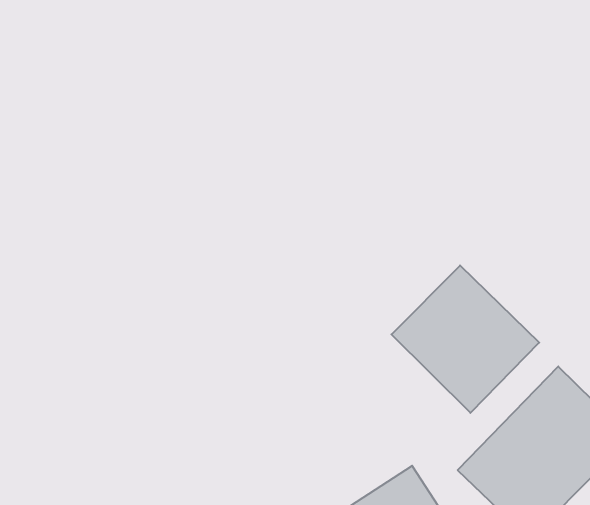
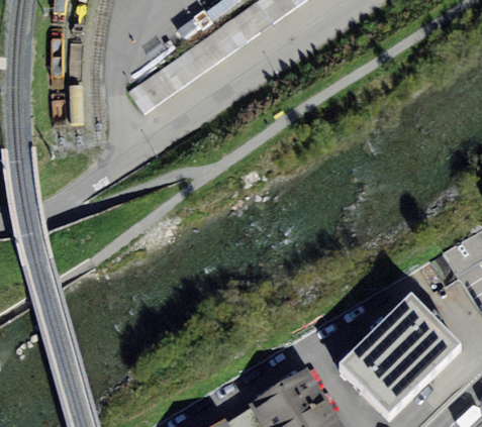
building: [391,265,539,413] -> none

